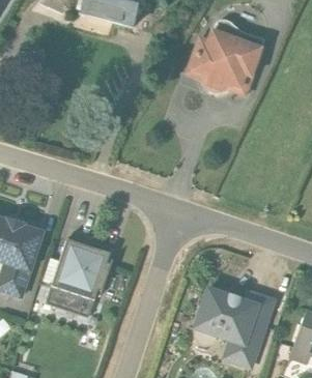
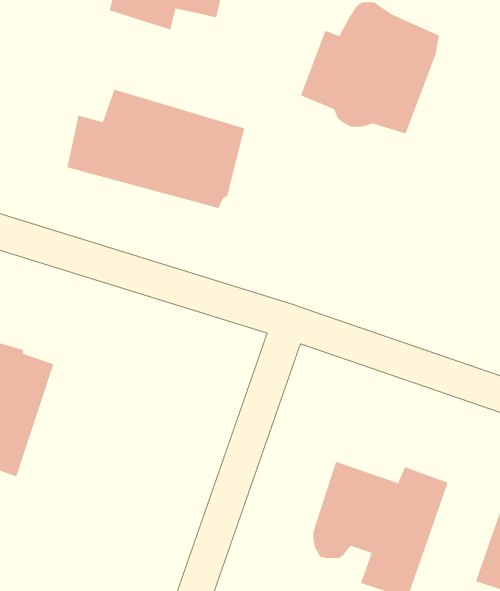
building: none -> [67,89,245,209]
building: [45,238,110,317] -> none

